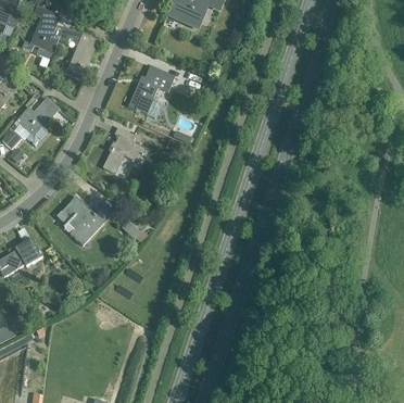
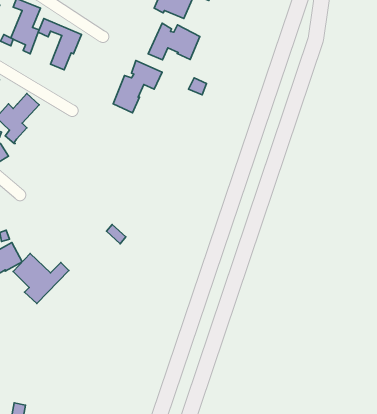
building: none -> [148,23,200,60]
building: [103,126,146,173] -> none
building: [60,196,113,243] -> [13,253,69,303]

